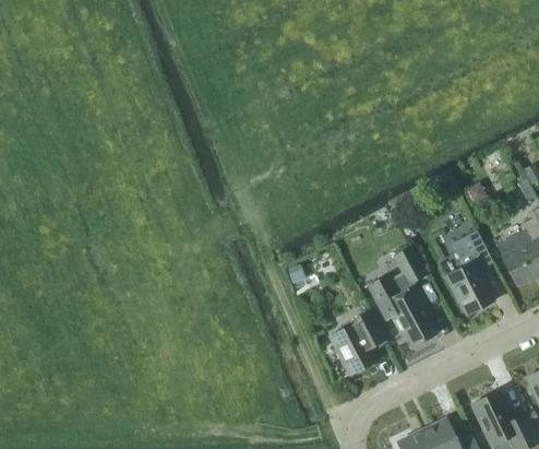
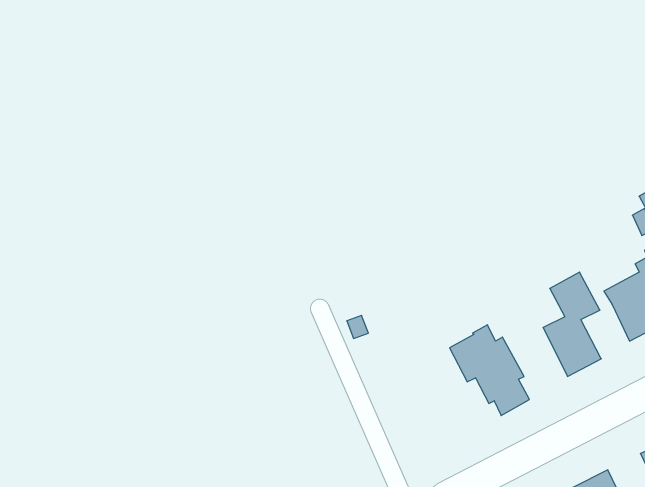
building: [391,246,426,286] -> none
building: [328,310,383,375] -> none

